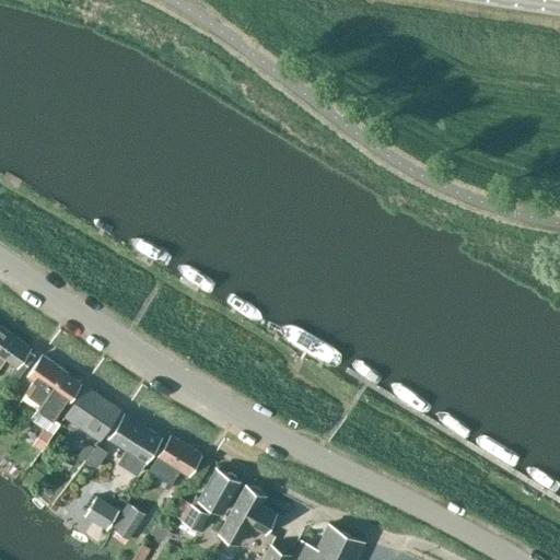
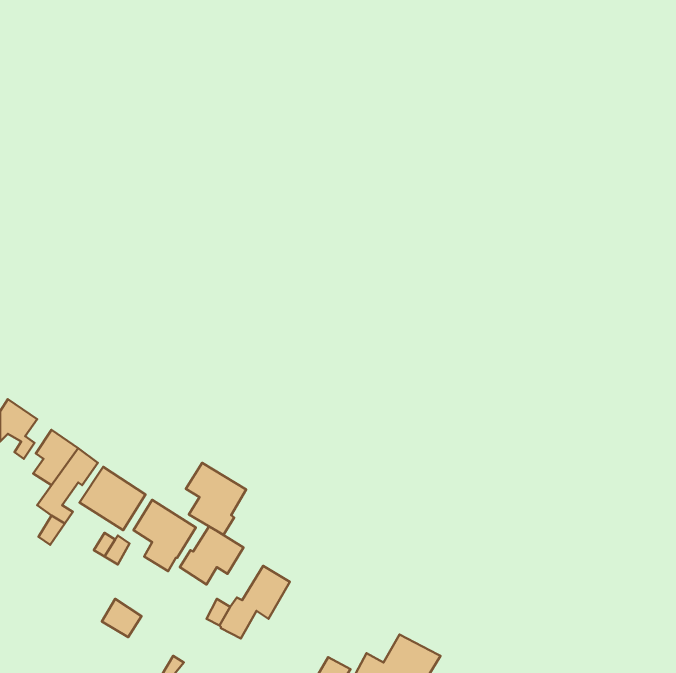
building: none -> [186,463,246,535]
building: [219,487,277,546] -> none
building: [113,504,145,545] -> none

